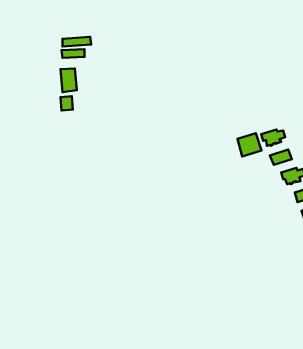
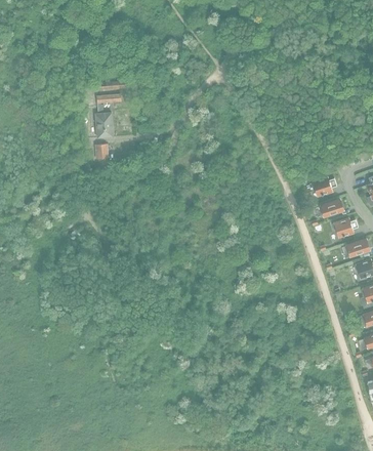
building: [237,133,262,157] -> none

